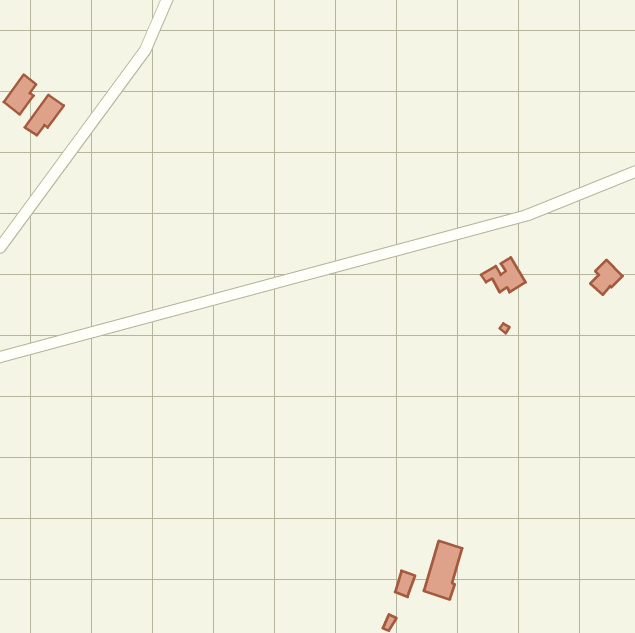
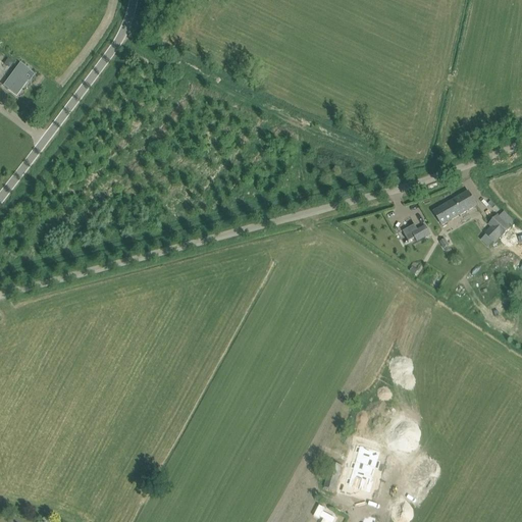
building: [25,95,64,135] -> none
building: none -> [433,190,476,224]

